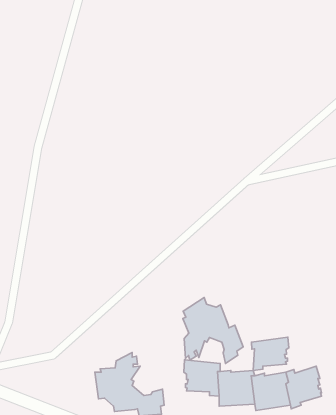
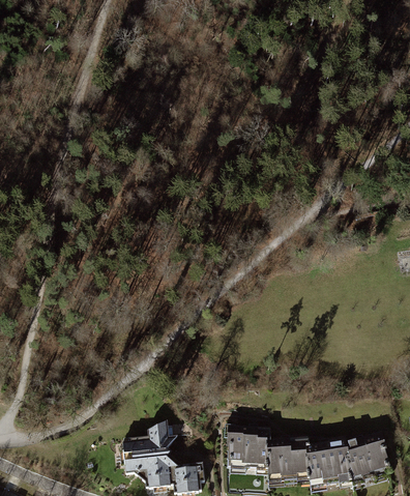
building: [183,298,243,364] -> none
building: [252,337,289,370] -> none

